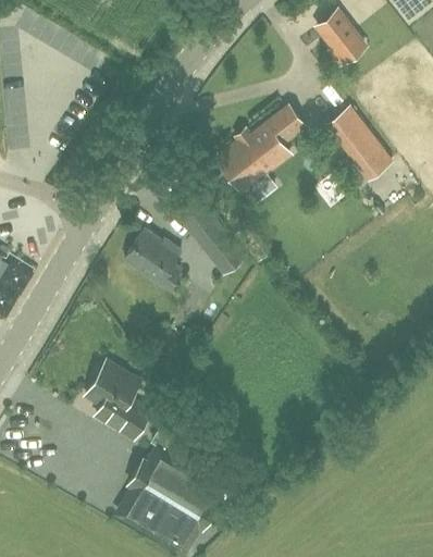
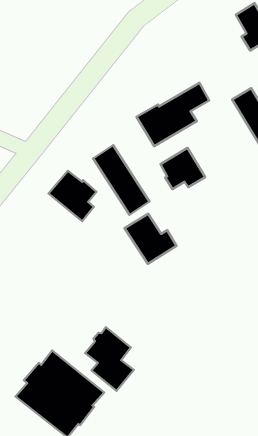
building: none -> [161,148,205,189]
building: none -> [125,214,177,264]
building: [87,361,147,435] -> [85,327,134,391]

